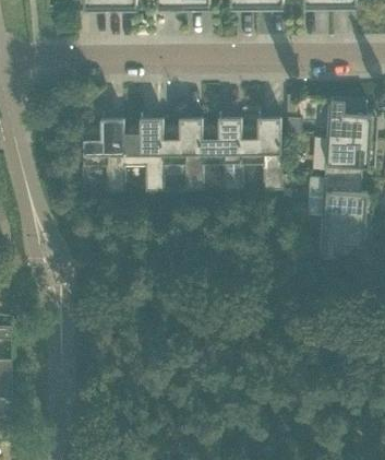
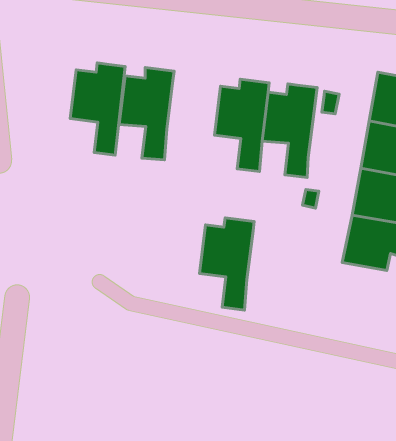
building: [163,116,203,189] -> [199,218,254,310]

